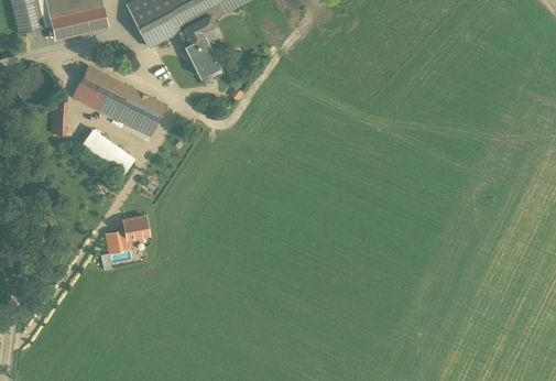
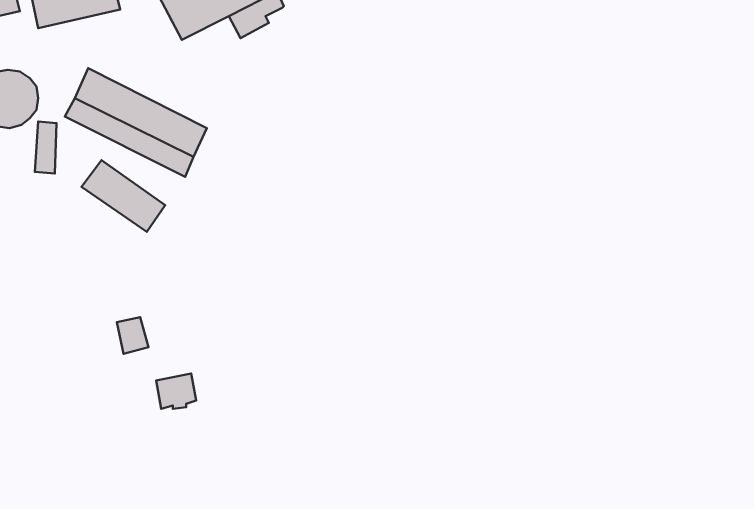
building: [185,25,220,76] -> none
building: [121,216,148,239] -> [156,374,196,409]

